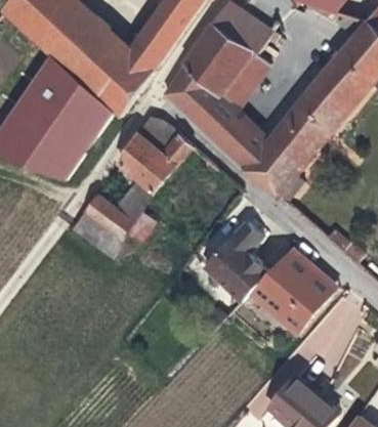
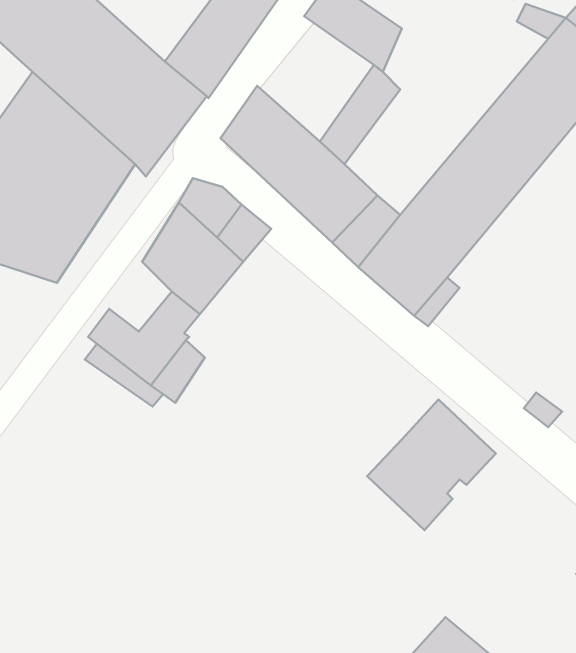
building: [184,20,253,94] -> none
building: [205,220,269,299] -> none
building: [283,277,337,334] -> none

